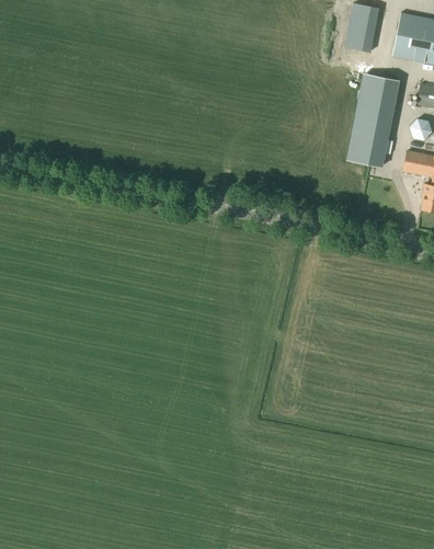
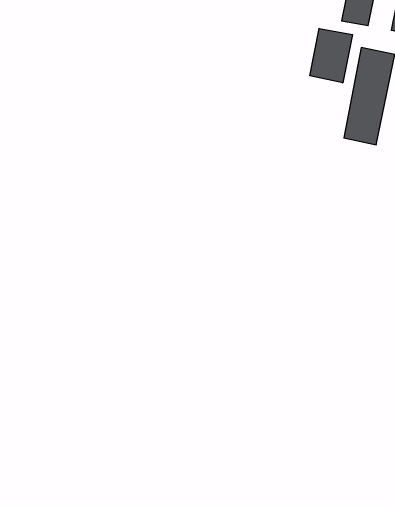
building: none -> [310,28,352,83]

